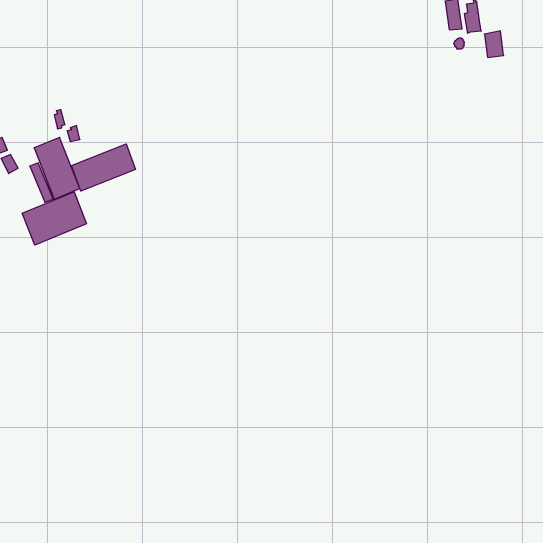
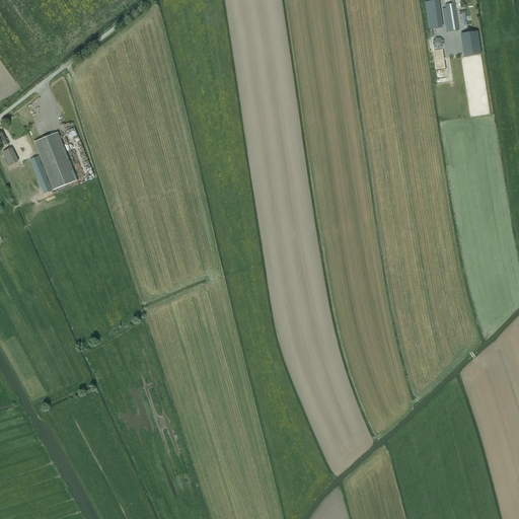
building: [71,144,136,191] -> none
building: [22,192,87,245] -> none

